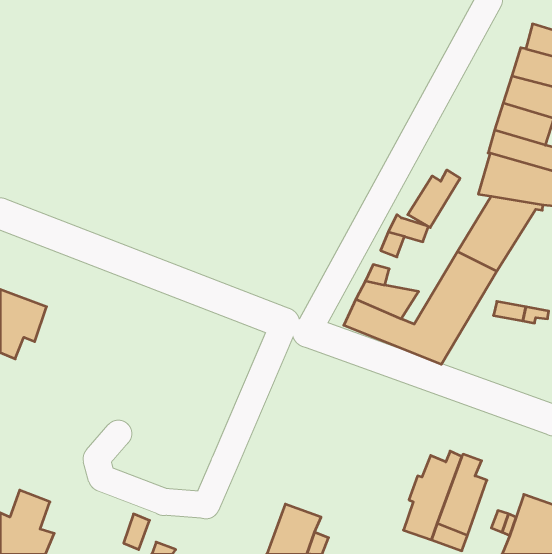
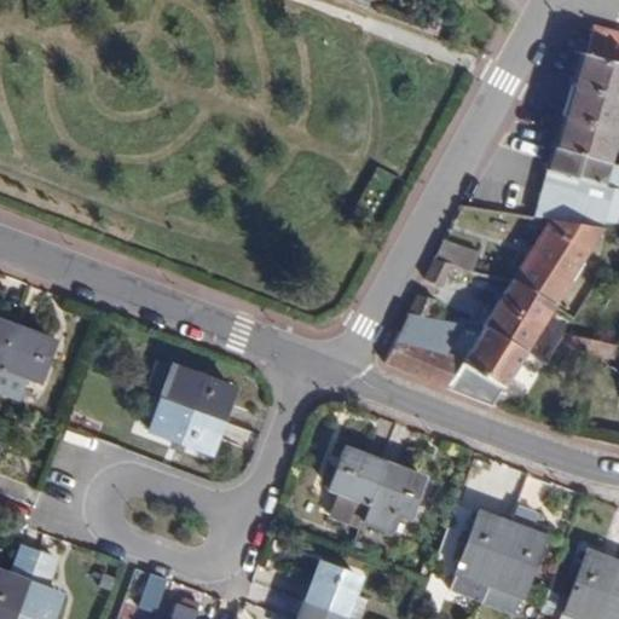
building: [408,170,460,228] -> none
building: none -> [147,361,235,452]
building: none -> [329,449,423,530]

